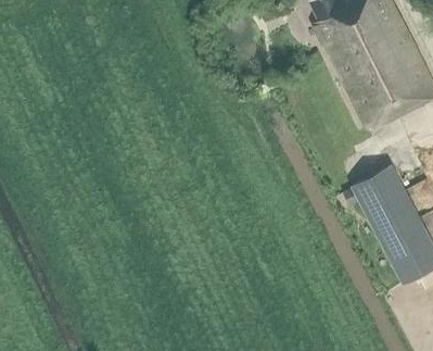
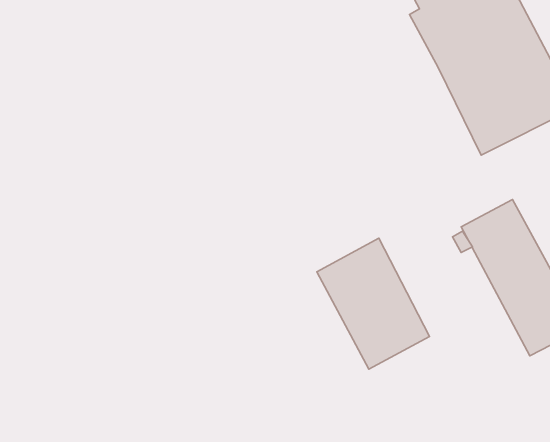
building: none -> [317,238,430,369]

